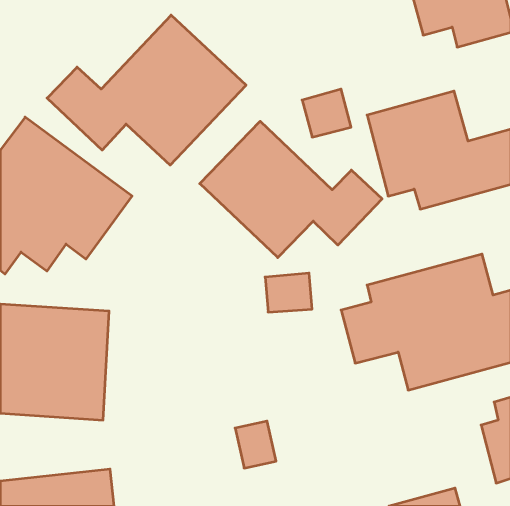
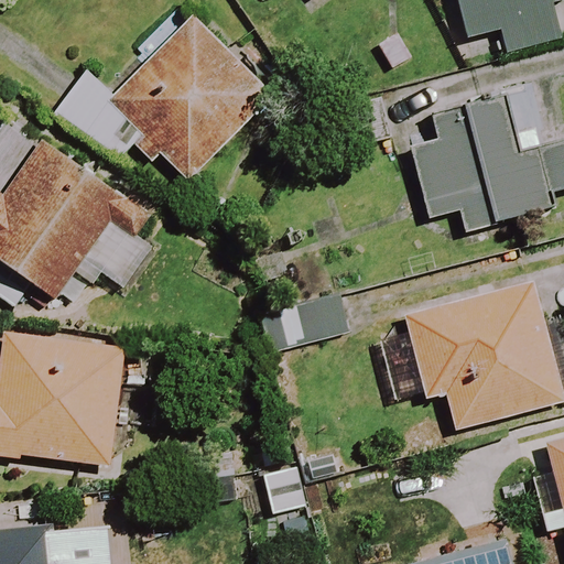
building: [200,121,382,258] -> none

